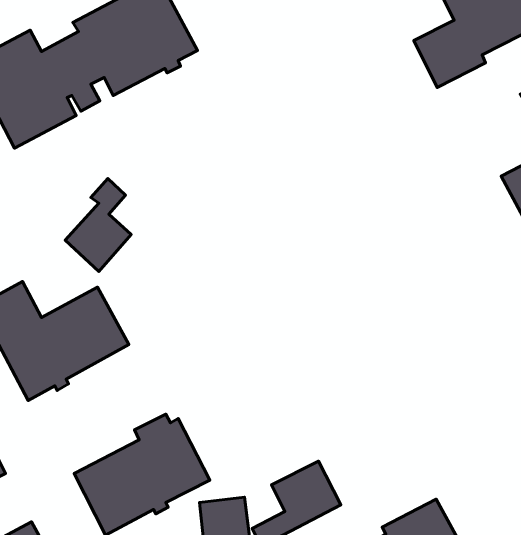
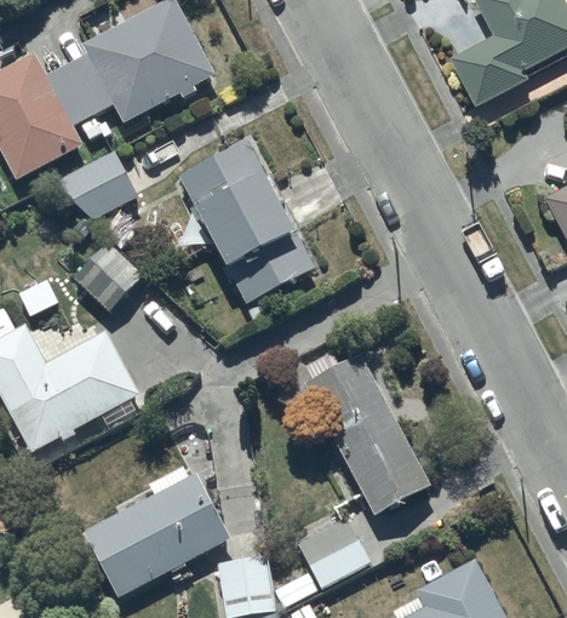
building: none -> [177,139,314,322]
building: none -> [57,149,137,222]
building: none -> [302,320,430,514]

